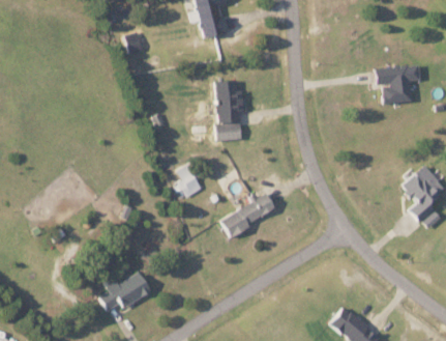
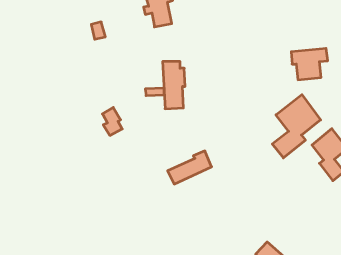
building: none -> [272,95,321,158]
building: [178,162,203,197] -> [102,107,122,135]
building: [99,272,151,311] -> none

